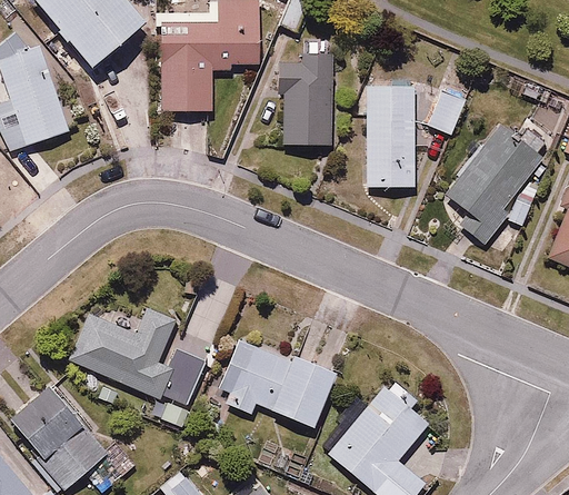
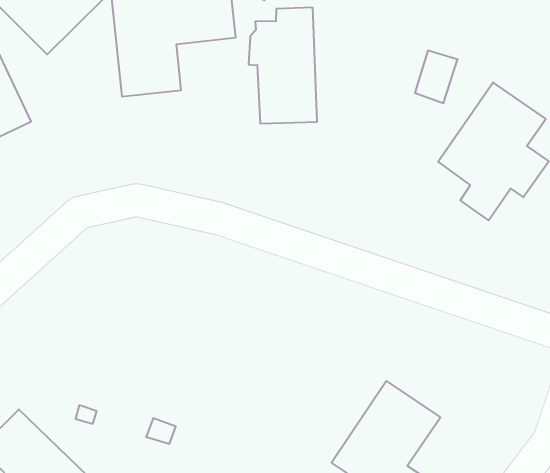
building: [366,80,418,198] -> none
building: [68,310,204,407] -> none
building: [219,341,333,428] -> none

